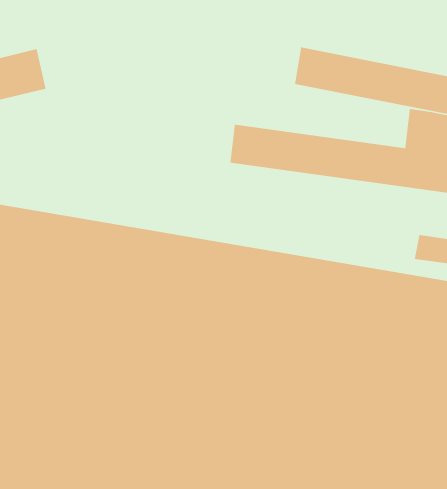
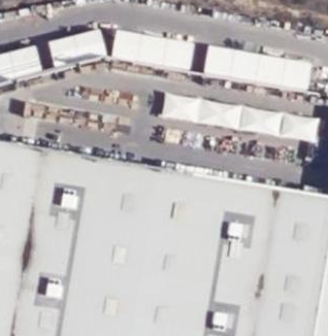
building: none -> [107,27,191,67]
building: none -> [45,28,102,65]

